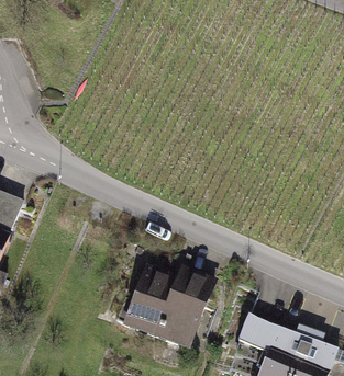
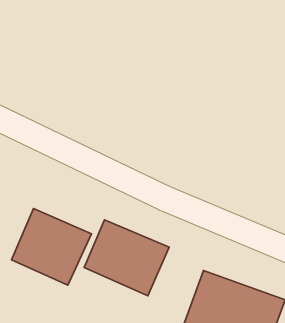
building: none -> [12,208,91,285]

